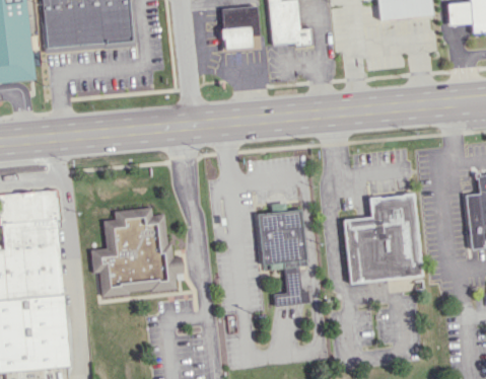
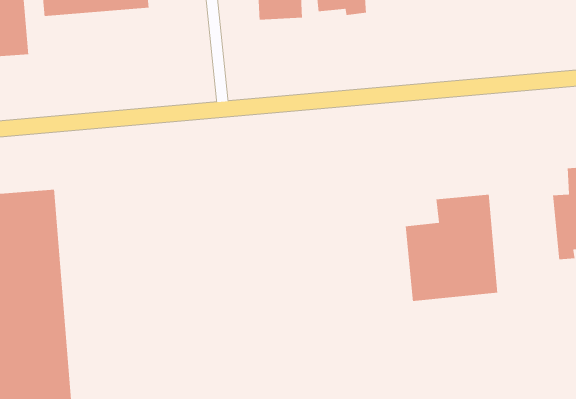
building: [257,203,309,306] -> none
building: [89,207,184,295] -> none

